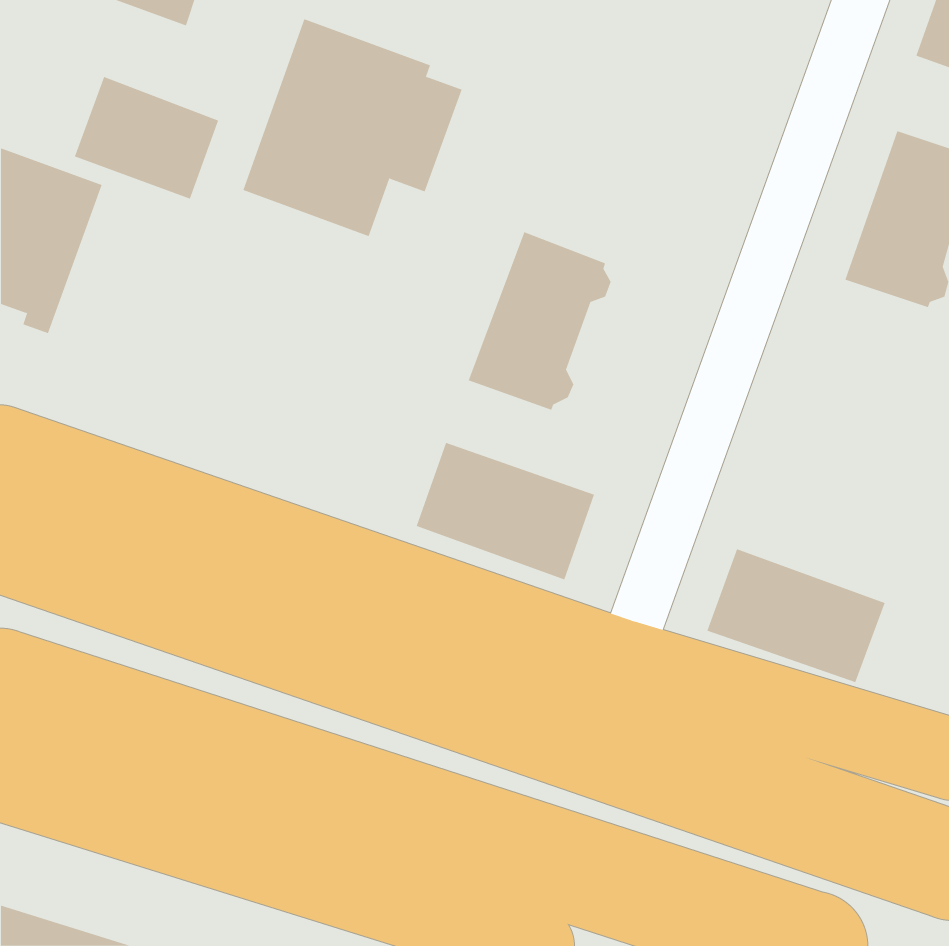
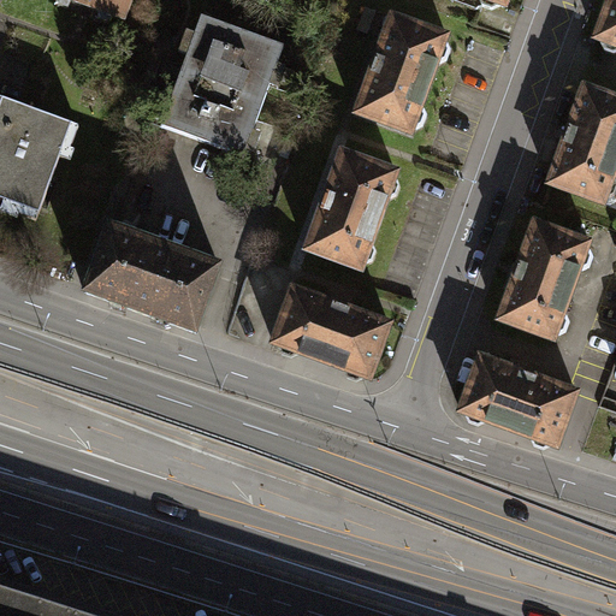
building: none -> [353,12,448,130]
building: [74,76,219,199] -> none
building: none -> [497,219,591,337]
building: none -> [82,223,217,328]

